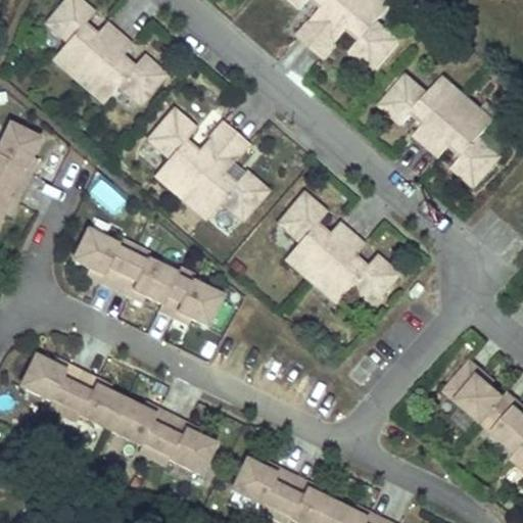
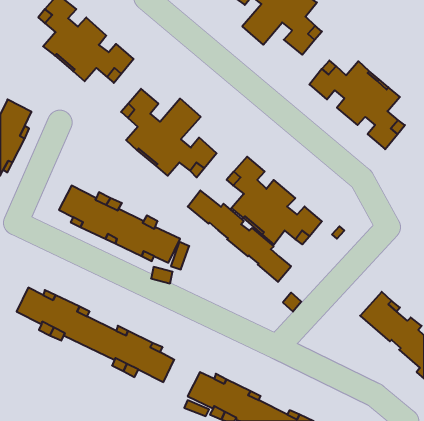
building: none -> [188,190,291,282]

